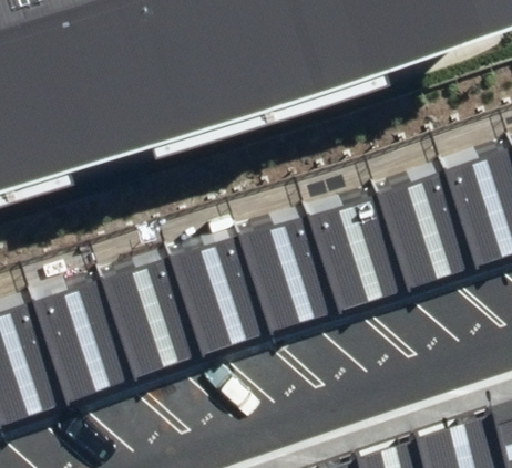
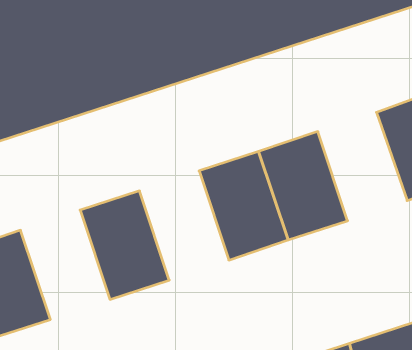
building: [397,155,500,280] -> none
building: [191,222,294,349] -> none
building: [53,268,156,394] -> none

